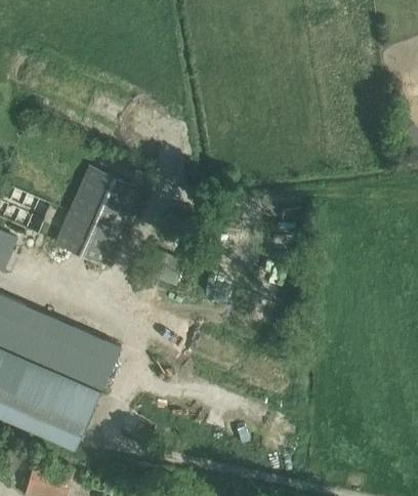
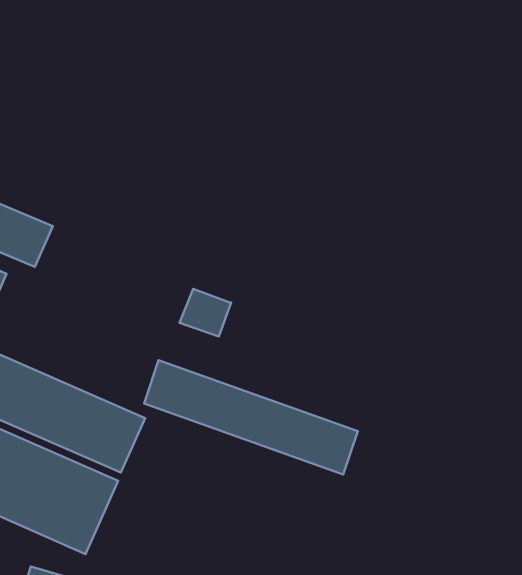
building: [53,164,140,268] -> none
building: none -> [144,360,358,475]

